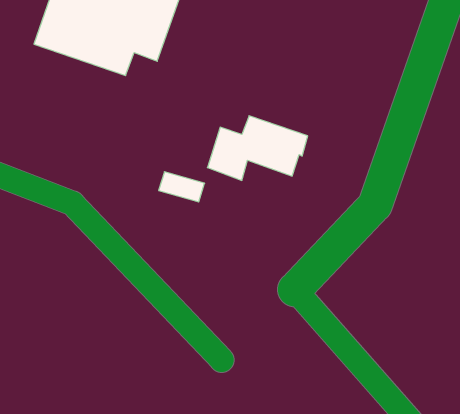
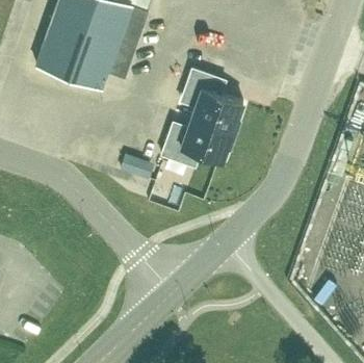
building: none -> [181,67,243,131]

